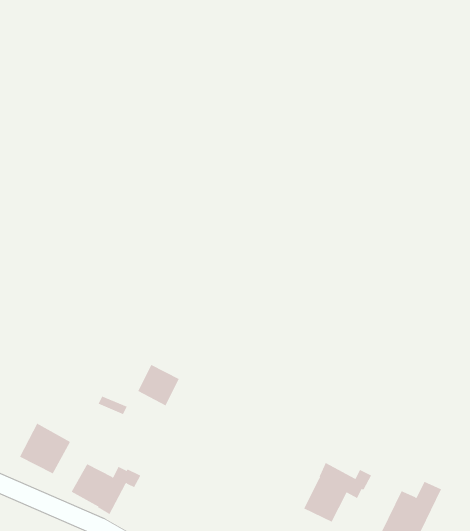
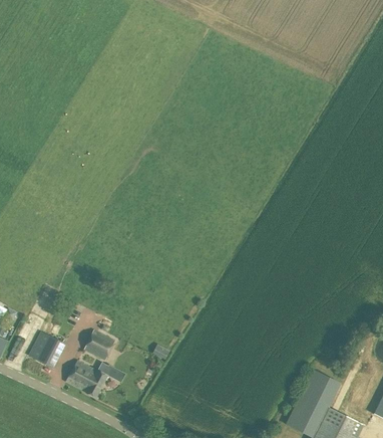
building: [137,364,179,406] -> [84,328,115,360]
building: [304,462,372,522] -> none

